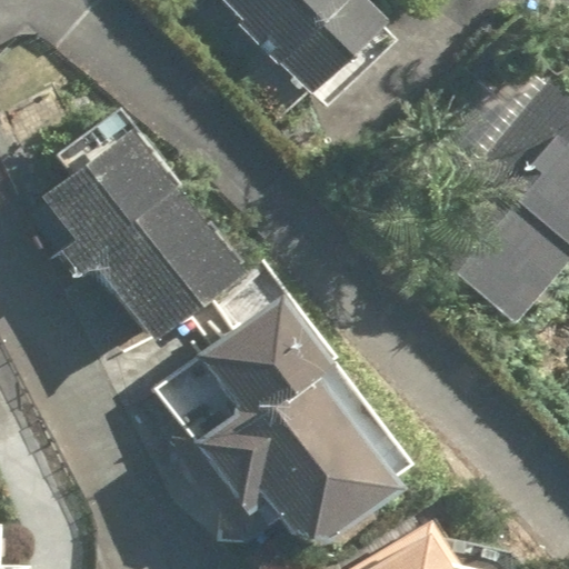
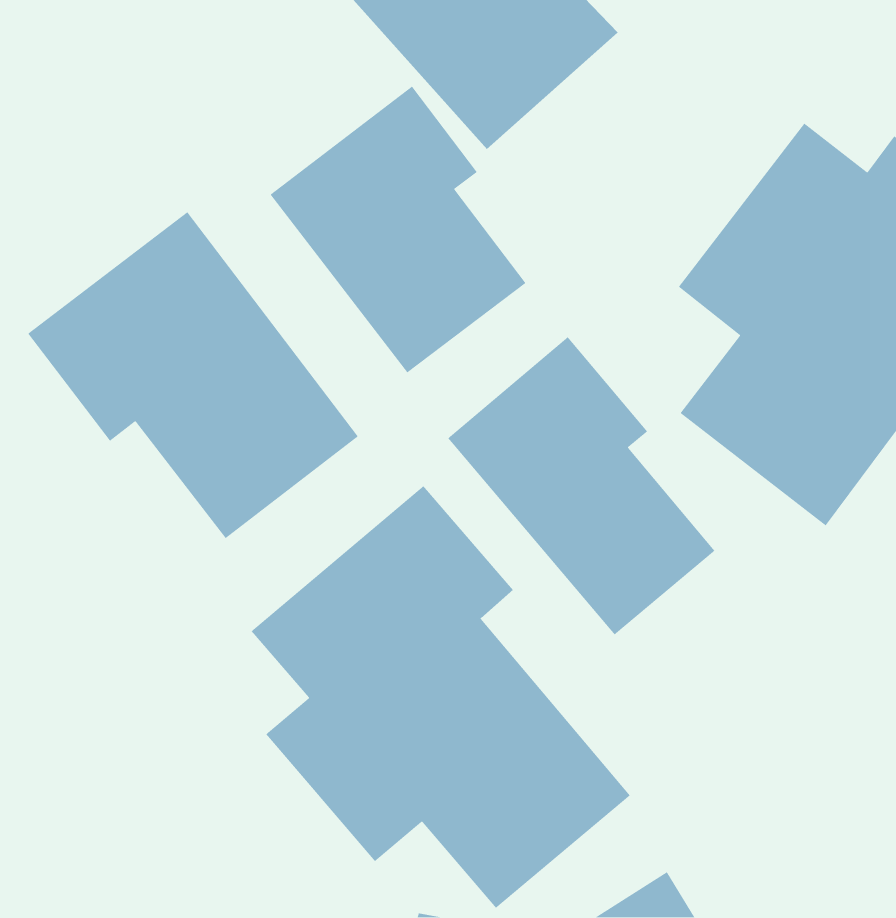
building: none -> [270,85,526,374]
building: none -> [447,336,716,636]

